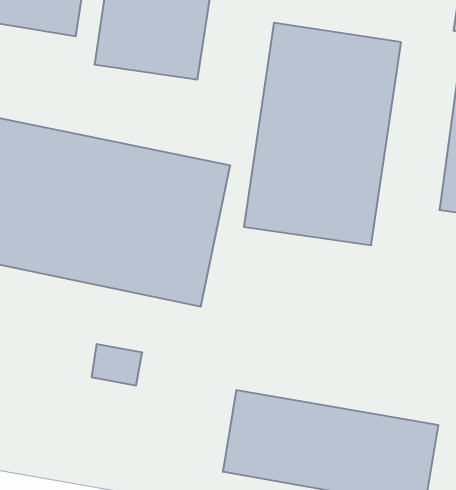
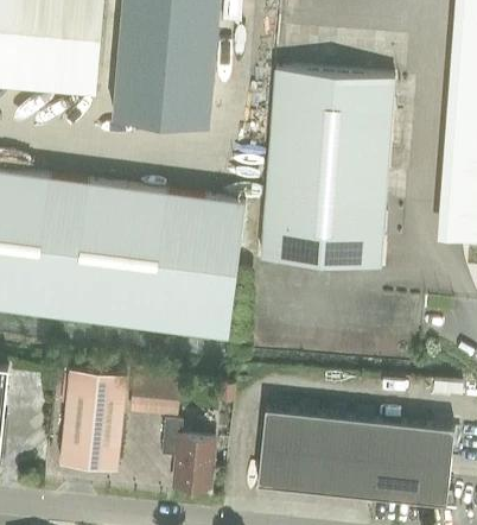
building: none -> [59,373,127,473]
building: none -> [161,422,214,492]

